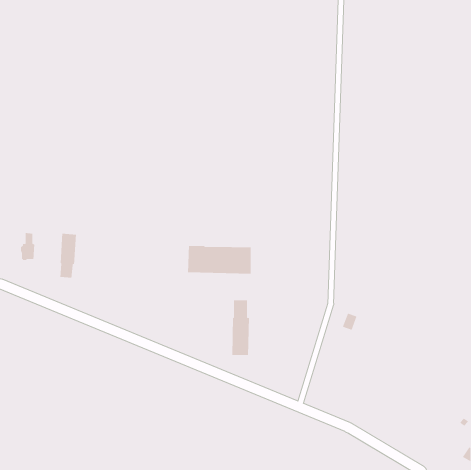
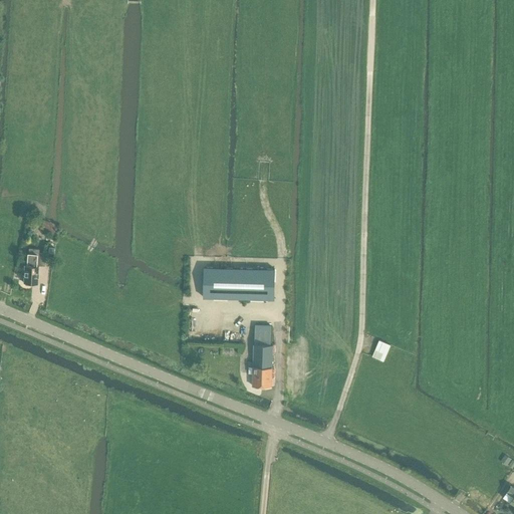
building: [59,233,77,279] -> none

